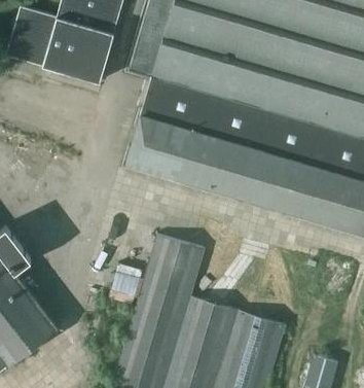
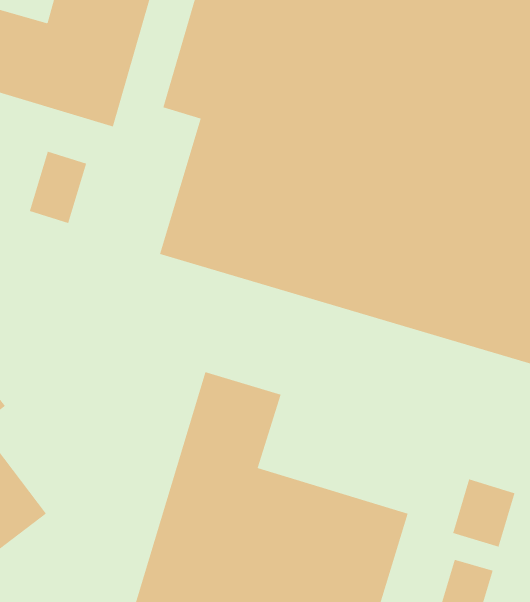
building: none -> [29,151,87,224]
building: none -> [453,479,515,548]

